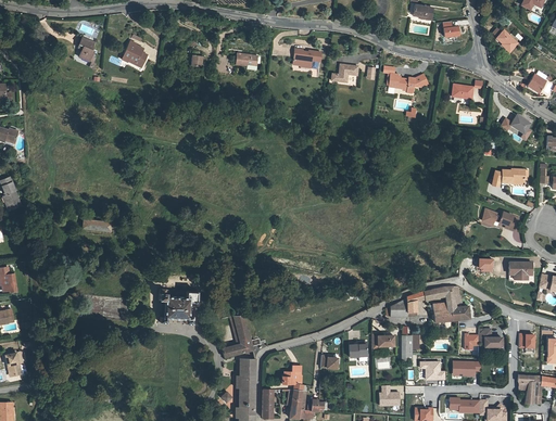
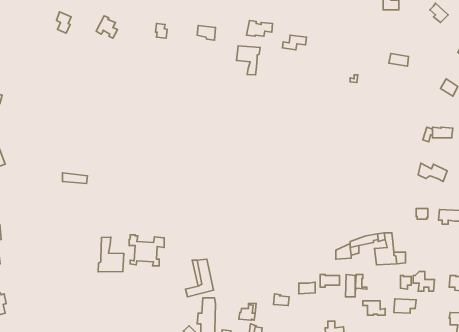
building: [390,73,430,93] -> none
building: none -> [236,46,260,75]
building: none -> [98,237,124,272]

